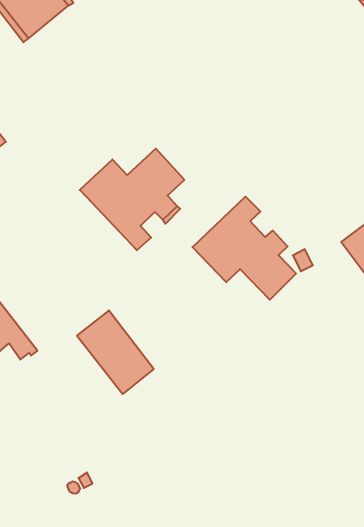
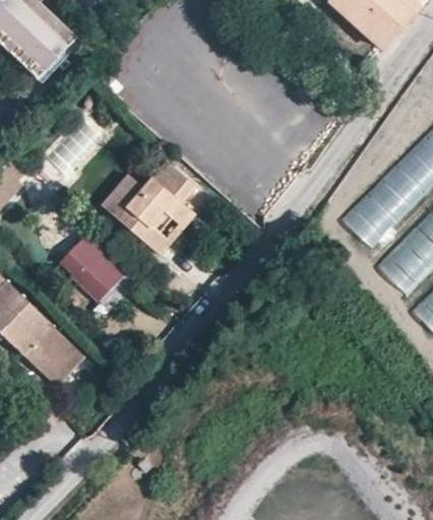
building: [192,197,296,300] -> none
building: [77,310,154,394] -> [61,236,134,309]

